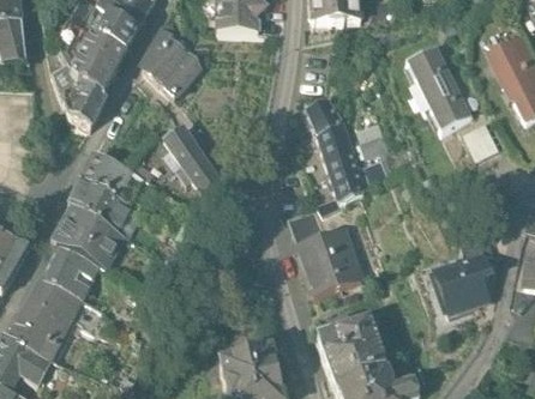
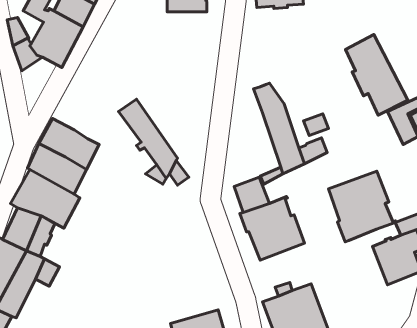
building: [143,22,200,89] -> none
building: [64,77,107,117] -> none
building: none -> [328,171,395,242]

